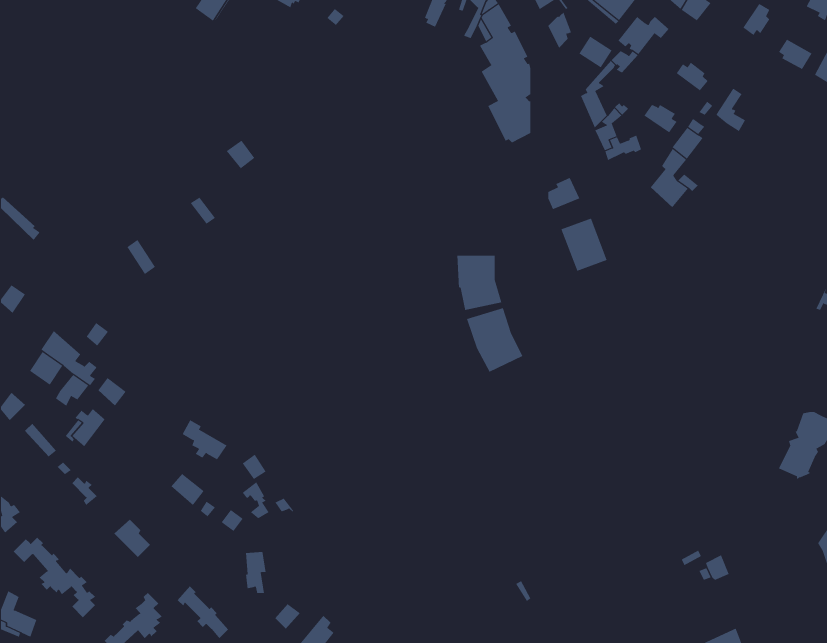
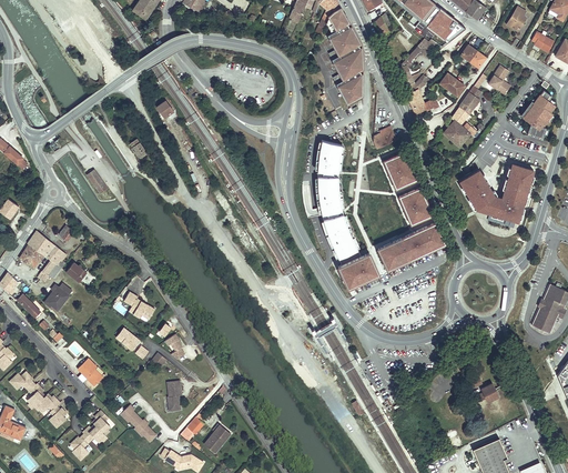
building: none -> [523,89,555,139]
building: none -> [313,142,338,174]
building: none -> [459,163,534,222]
building: none -> [397,189,428,225]
building: none -> [374,224,440,270]
building: none -> [335,255,375,290]

